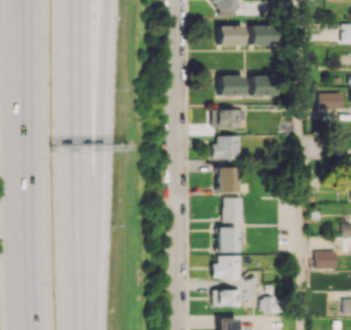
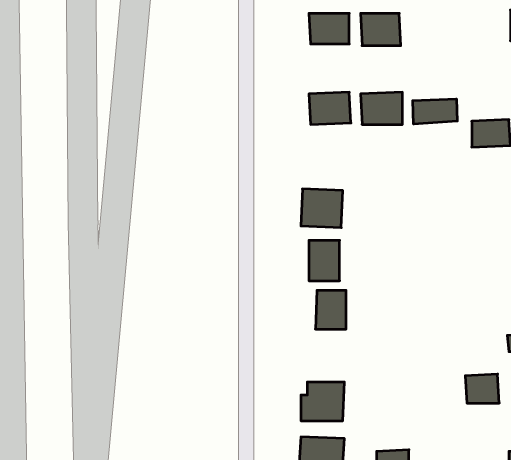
building: none -> [413,99,457,124]
building: [212,109,245,128] -> none
building: [218,229,242,253] -> none

